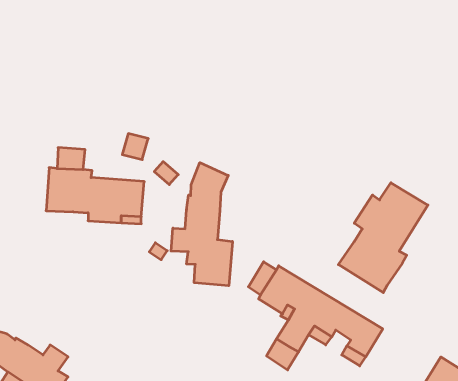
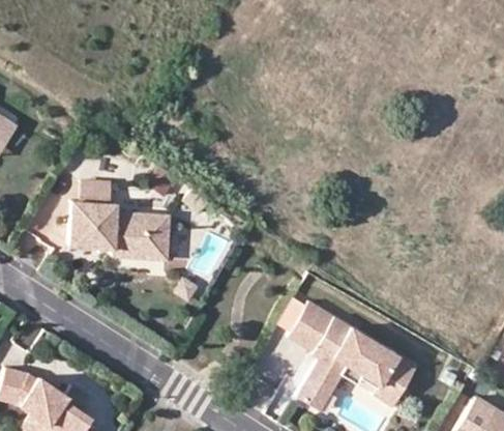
building: [171,163,232,286] -> none
building: [338,183,428,293] -> none

